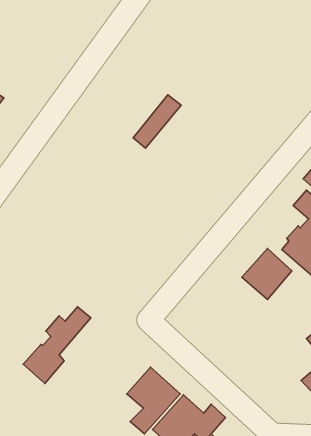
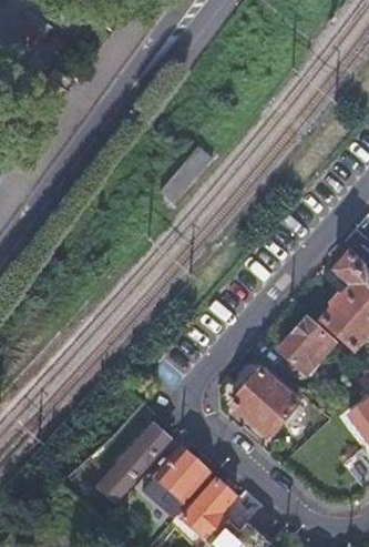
building: none -> [232,372,296,437]
building: [23,307,91,383] -> [91,422,164,505]

